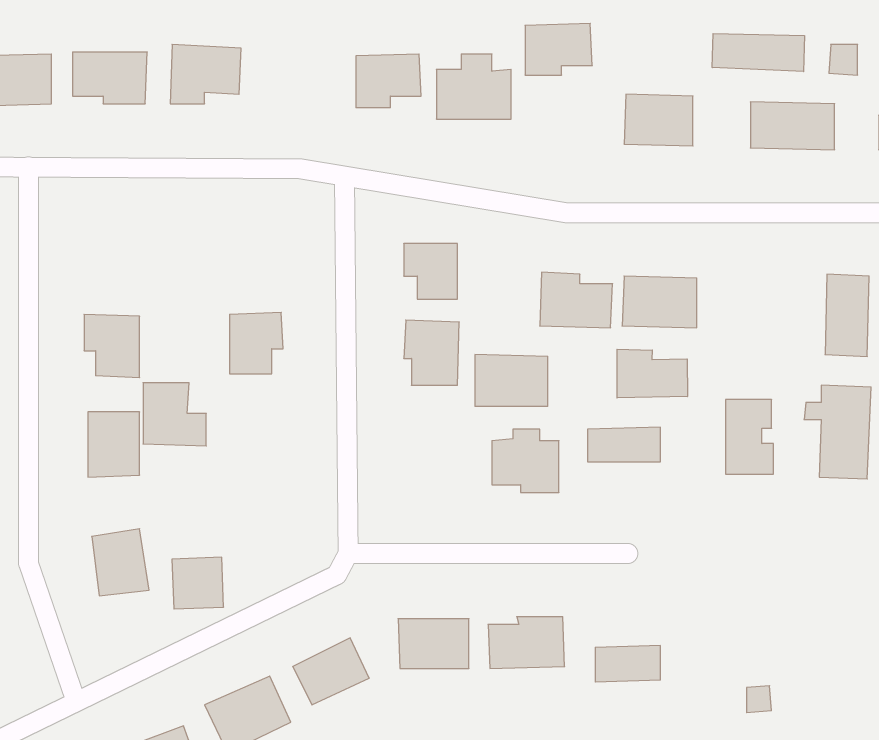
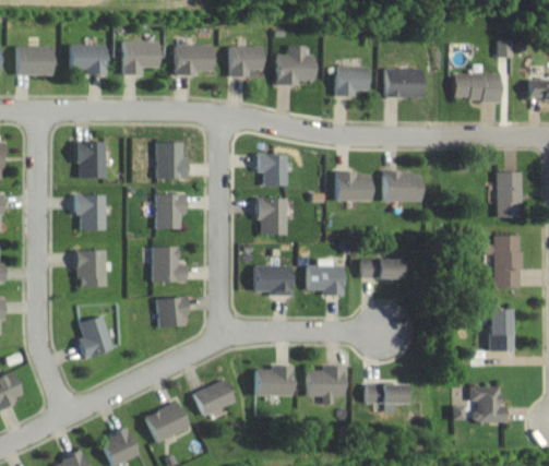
building: [525,23,592,75] -> [334,67,372,96]
building: [712,34,804,72] -> none
building: none -> [175,46,215,74]
building: none -> [73,142,106,178]
building: none -> [156,142,188,179]
building: [617,349,687,398] -> none
building: [475,355,548,406] -> [253,265,295,295]
building: [143,383,206,446] -> [153,247,189,283]
building: [726,400,773,474] -> [487,309,514,351]
building: [172,557,224,609] -> [158,297,188,326]
building: none -> [470,387,508,422]

